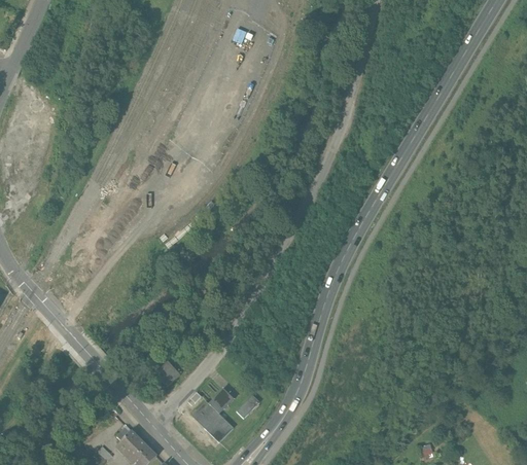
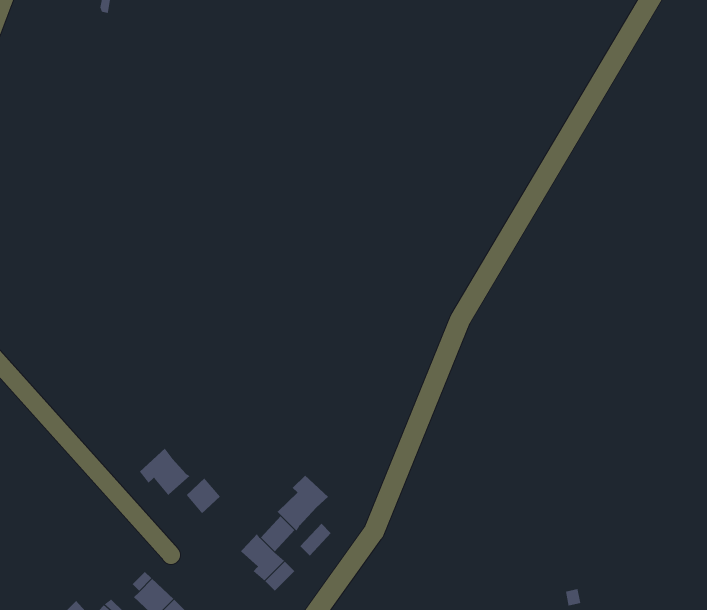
building: none -> [139,448,191,500]
building: none -> [273,475,329,531]

